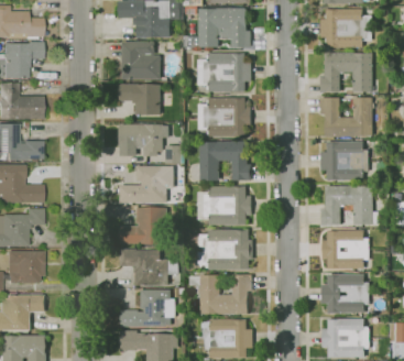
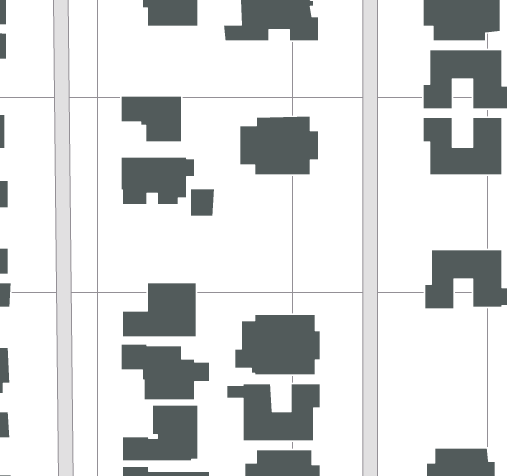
building: [122,42,161,79] -> none
building: [198,53,251,91] -> none
building: [200,141,251,180] -> none
building: [320,141,369,179] -> none
building: [119,166,174,203] -> none
building: [198,186,252,226] -> none
building: [323,230,369,270] -> none
building: [321,274,369,313] -> none

